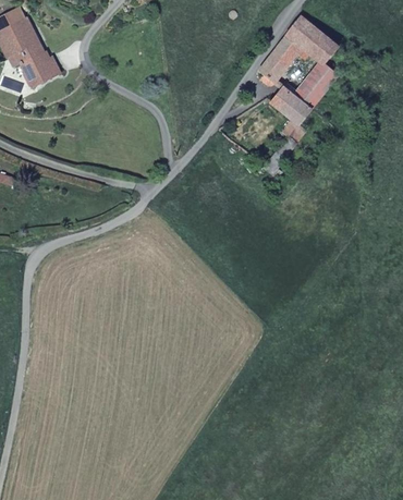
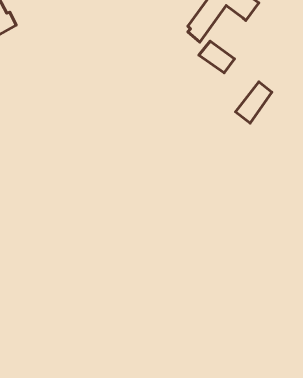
building: [294,62,337,110] -> [235,82,272,123]

